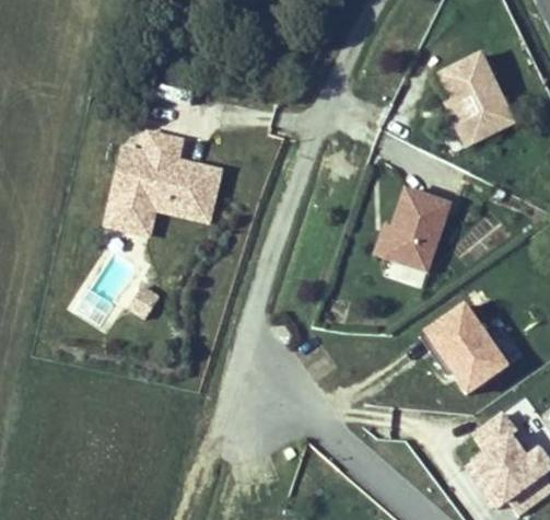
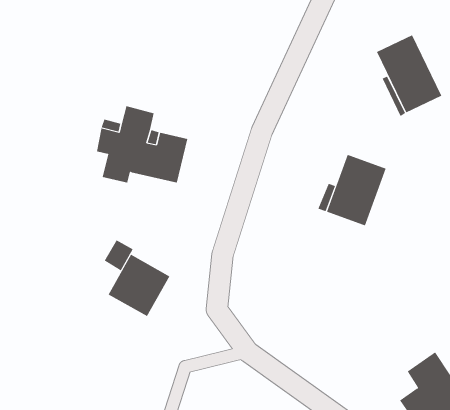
building: [109,183,155,233] -> none
building: none -> [108,254,170,317]
building: [423,304,506,405] -> none

